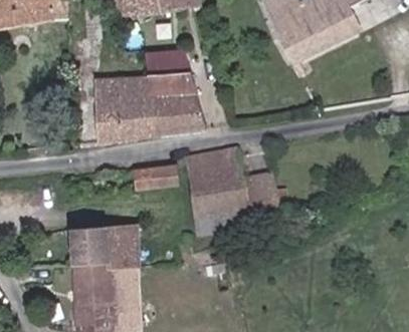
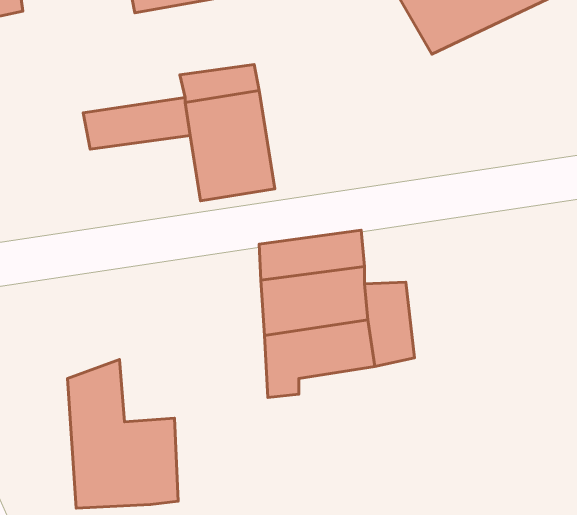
building: [91,99,156,144] -> none
building: [135,164,173,192] -> none
building: [109,220,141,266] -> none

